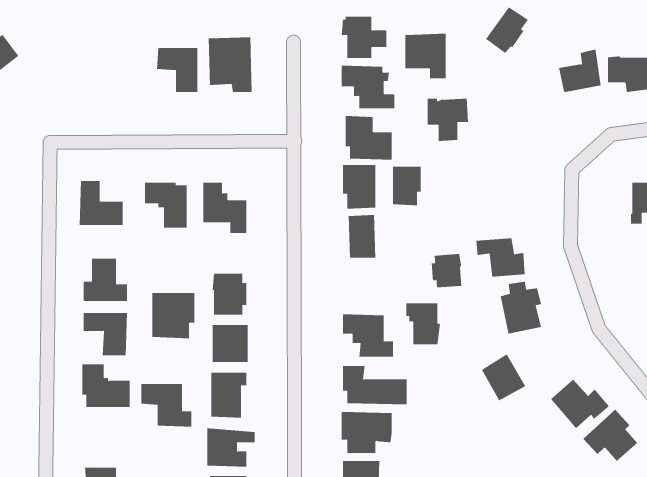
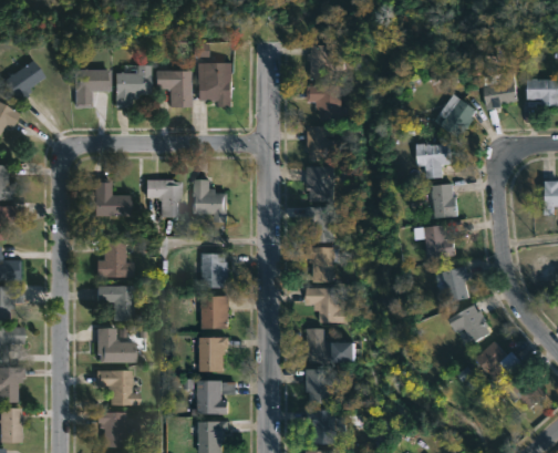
building: [485,6,529,54] -> [444,99,479,137]
building: [405,33,446,79] -> none
building: none -> [114,65,149,106]
building: none -> [74,70,110,107]
building: [427,98,469,142] -> [420,144,454,179]
building: [392,166,421,206] -> none
building: none -> [433,184,458,218]
building: [431,253,462,288] -> none
building: [152,292,195,339] -> none
building: [406,303,441,345] -> [308,248,337,282]
building: [481,354,526,401] -> [454,306,490,344]
building: [141,384,192,427] -> [95,371,137,406]

